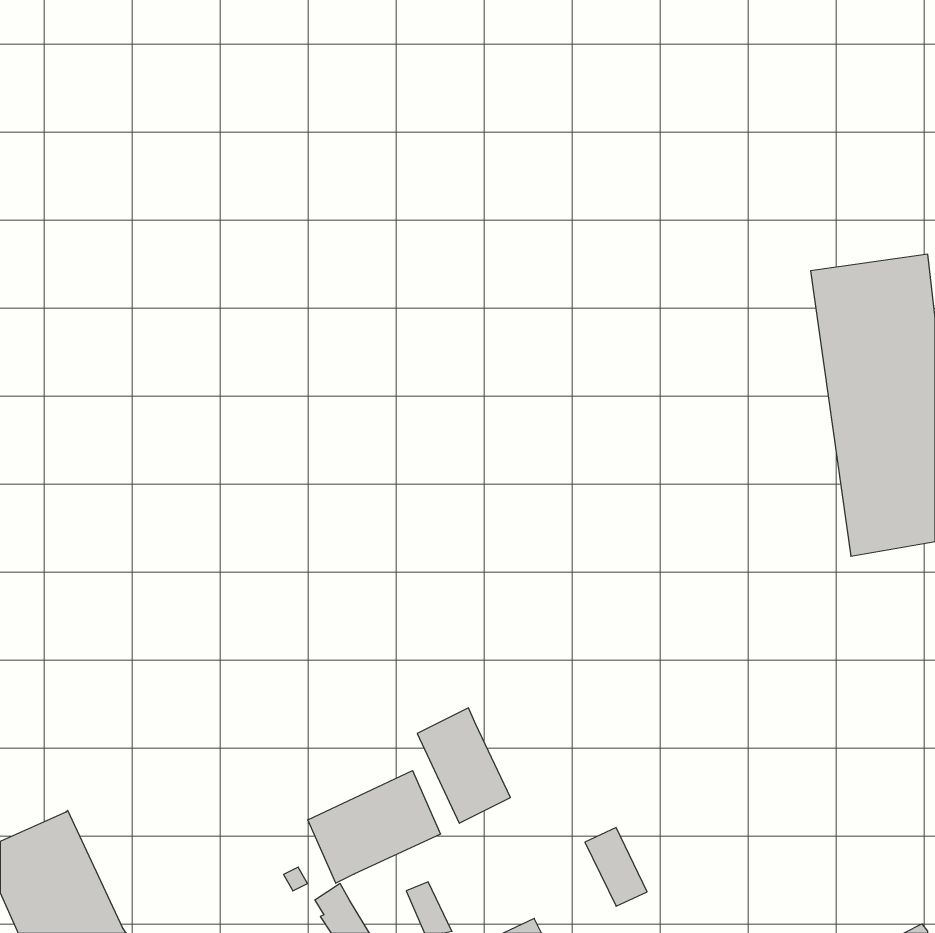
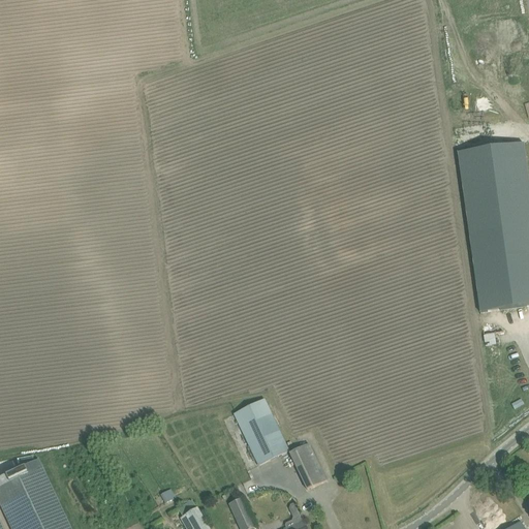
building: [308,771,440,883] -> none
building: [585,828,647,906] -> [290,444,325,489]

